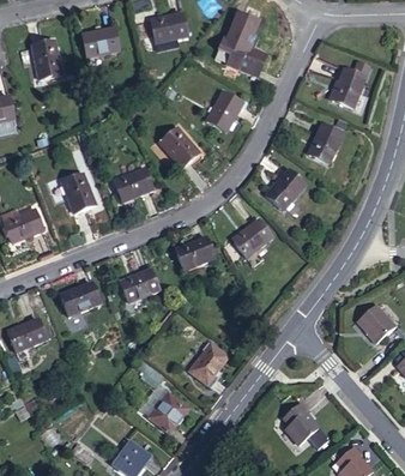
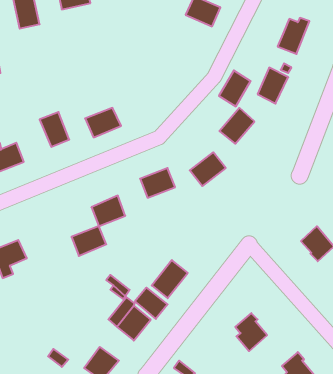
building: [206,90,242,131] -> [219,70,251,106]
building: [159,126,199,167] -> none
building: [60,282,99,315] -> [71,226,106,256]
building: none -> [135,288,168,319]

